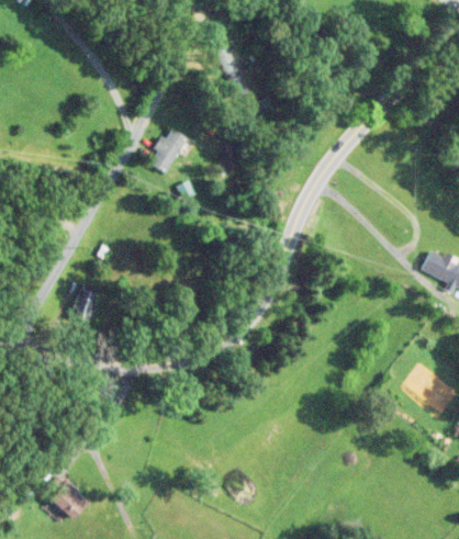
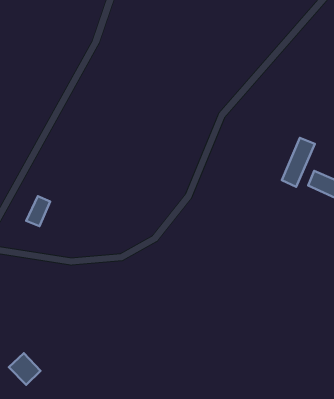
building: [149,130,189,175] -> none
building: none -> [282,138,315,187]

